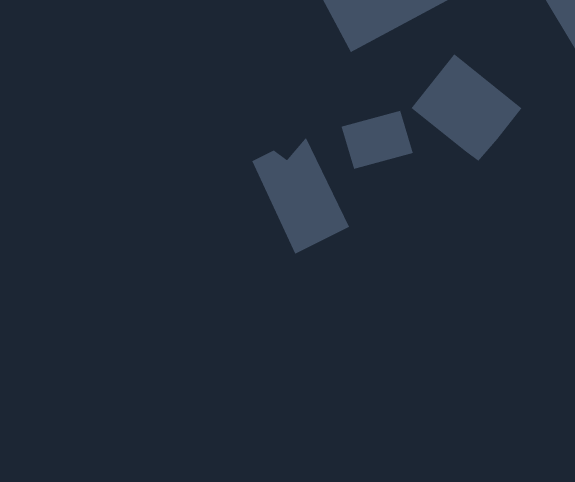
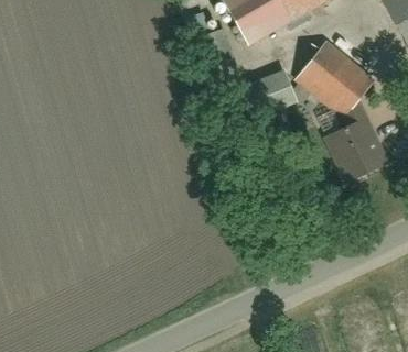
building: [251,136,350,255] -> [313,99,380,179]

